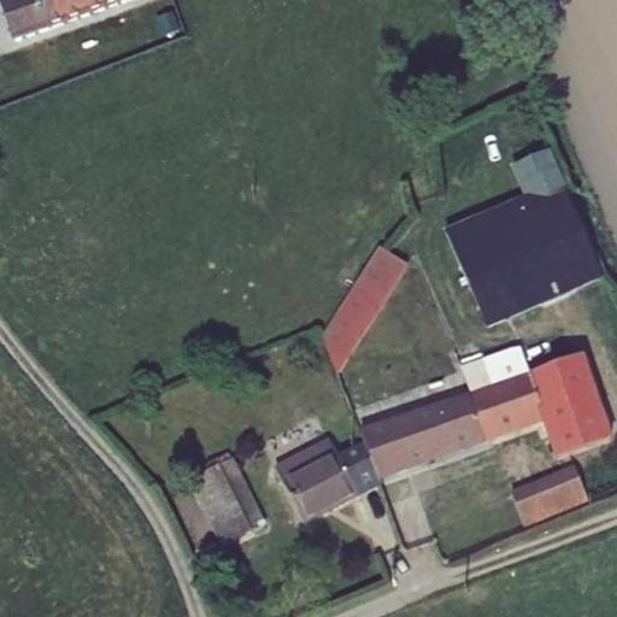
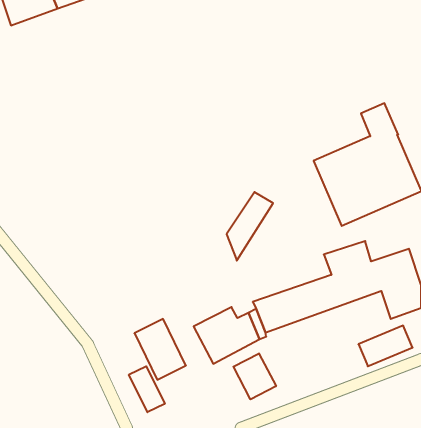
building: none -> [233,353,276,399]
building: none -> [129,366,165,412]

